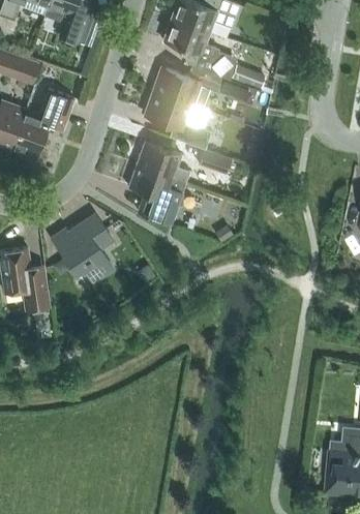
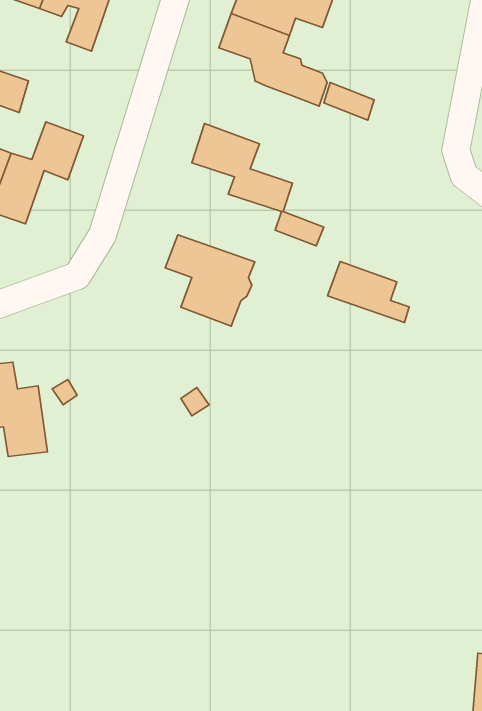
building: [153,66,229,109] -> none
building: [136,142,189,182] -> [328,261,409,323]
building: [52,215,112,282] -> none

